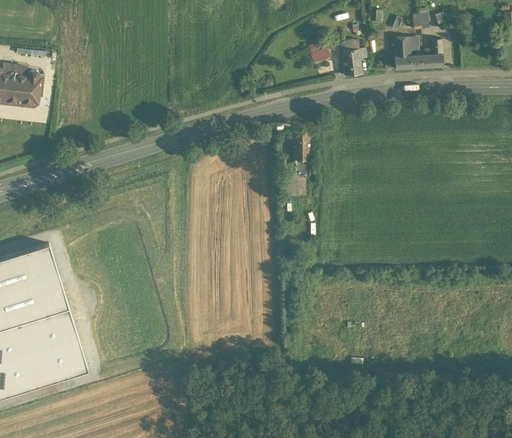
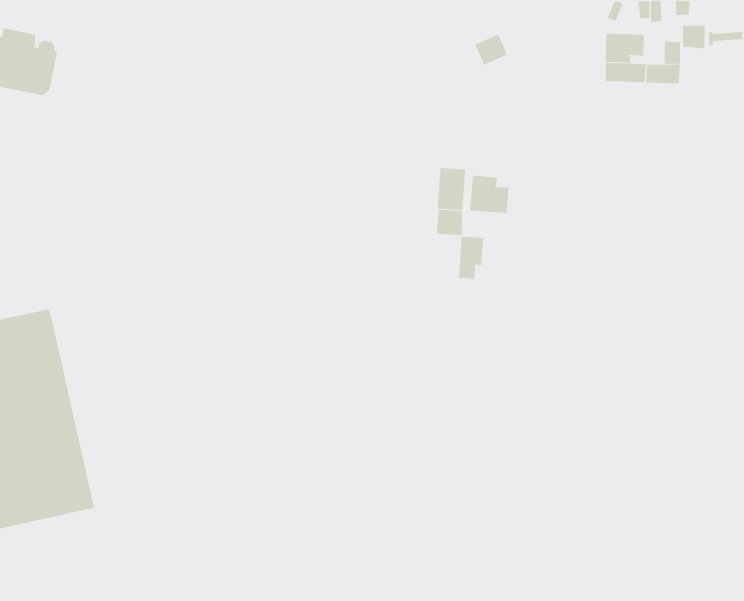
building: [340,41,366,76] -> none
building: none -> [470,175,509,213]
building: none -> [458,236,484,280]

